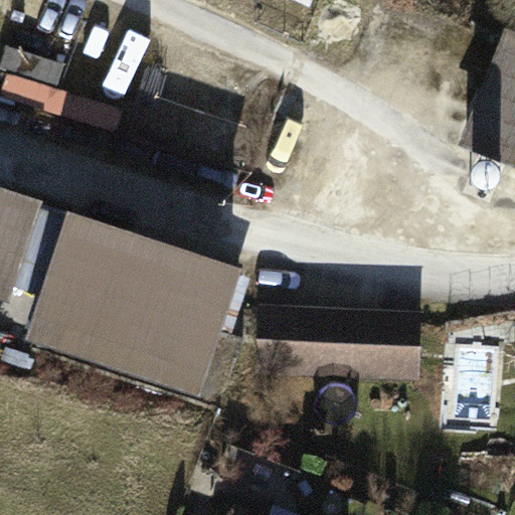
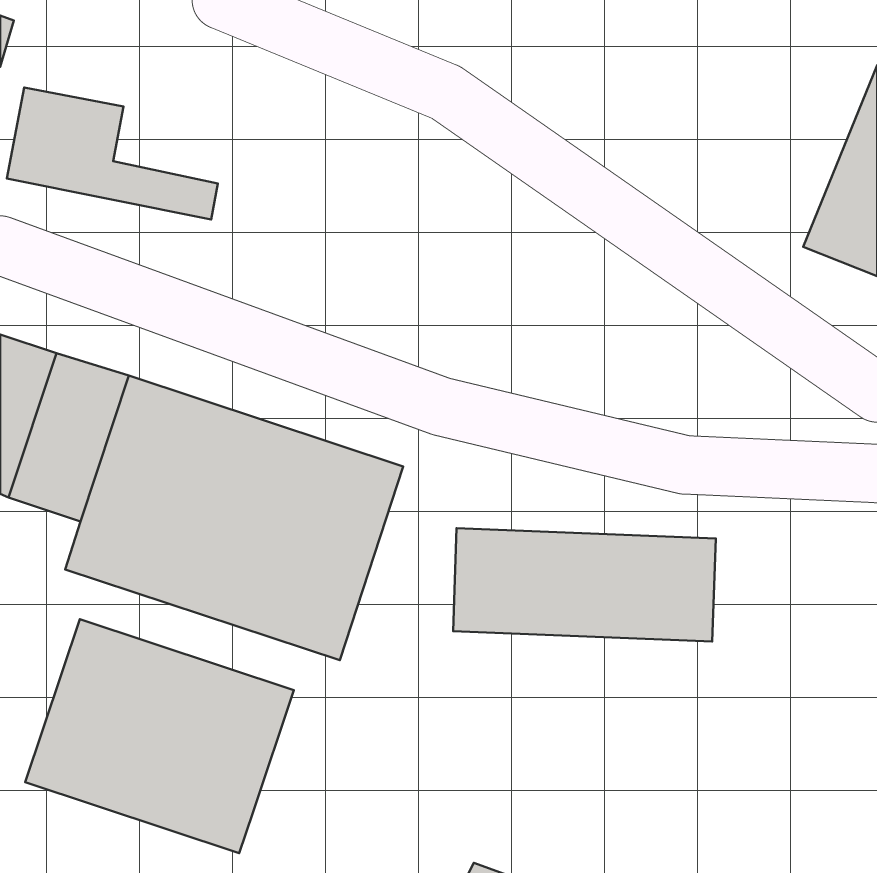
building: none -> [25,619,294,853]

